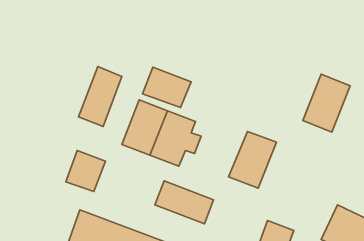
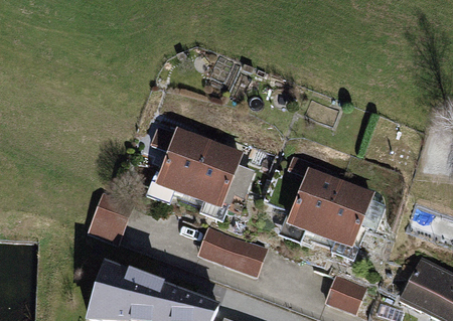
building: [78,66,122,127] -> none
building: [142,67,191,108] -> none
building: [303,74,350,132] -> [321,179,379,250]

